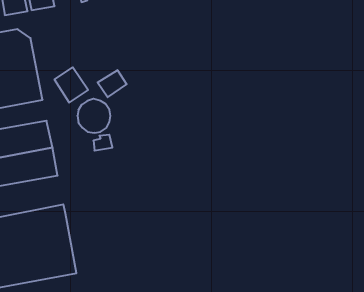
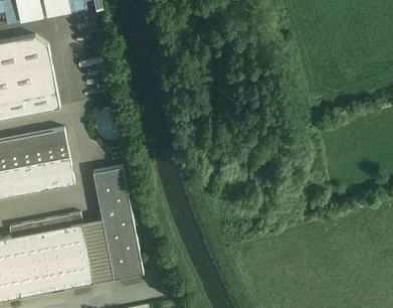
building: [55,67,88,103] -> none
building: [98,70,127,97] -> none
building: none -> [82,166,143,283]

